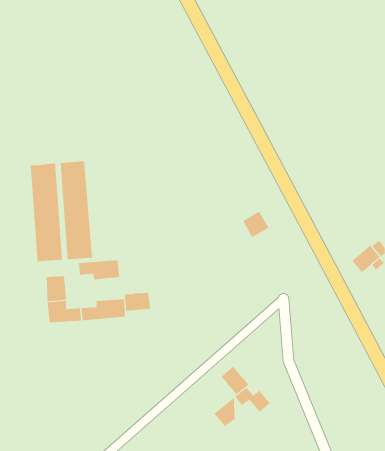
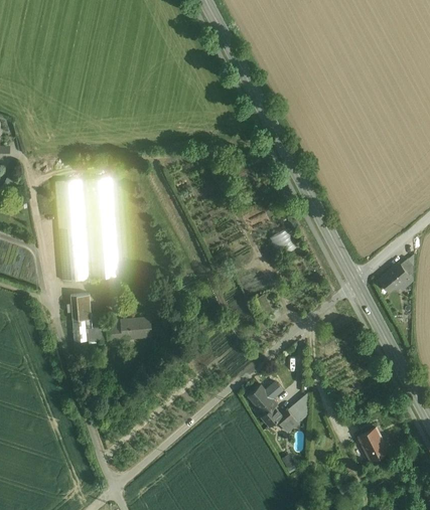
building: [78,259,120,280] -> none
building: [124,292,151,312] -> none
building: [214,397,236,427] -> [287,391,309,421]
building: none -> [360,427,388,459]

